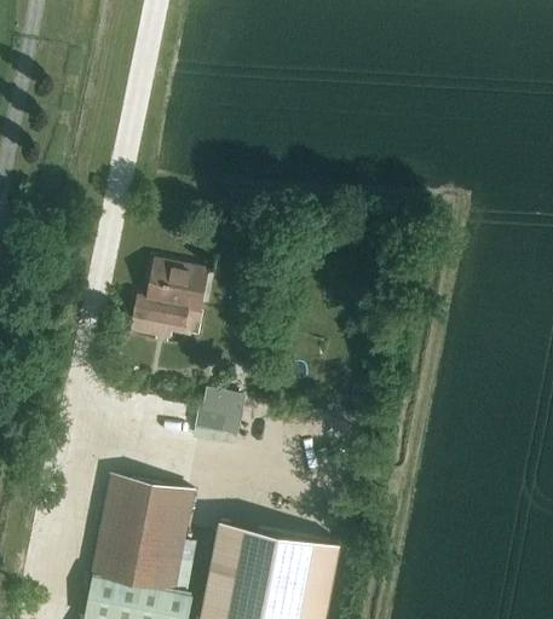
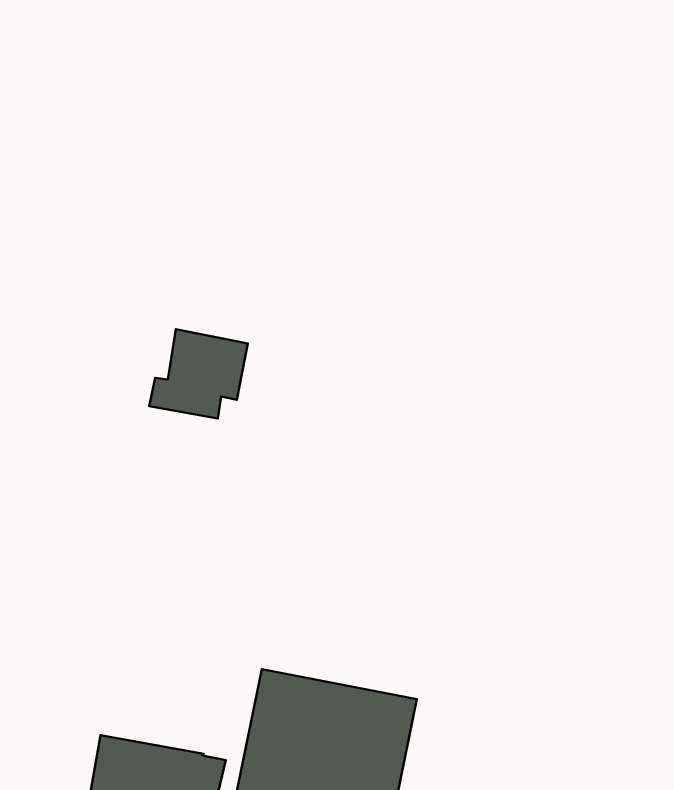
building: [194,403,234,436] -> none
building: [92,475,192,589] -> none

